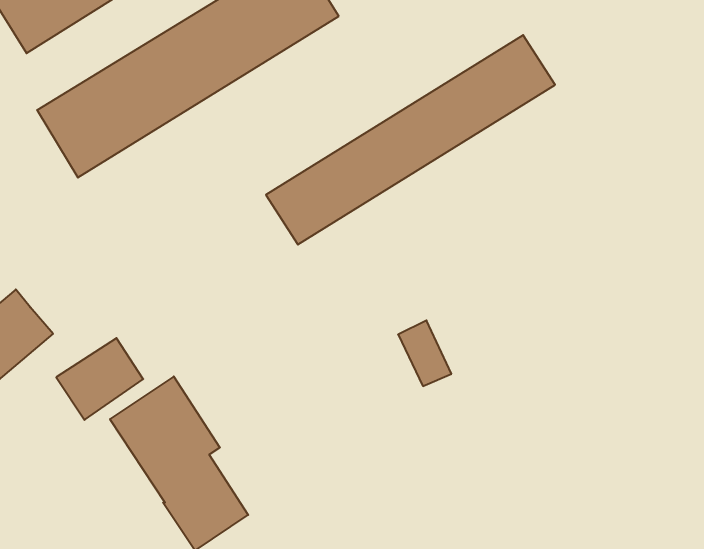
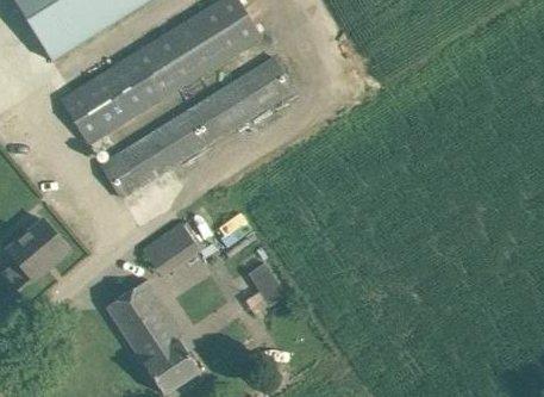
building: [266,35,555,245] -> [101,57,295,198]
building: [398,320,451,386] -> [248,260,283,304]
building: [56,338,143,420] -> [142,222,200,277]

